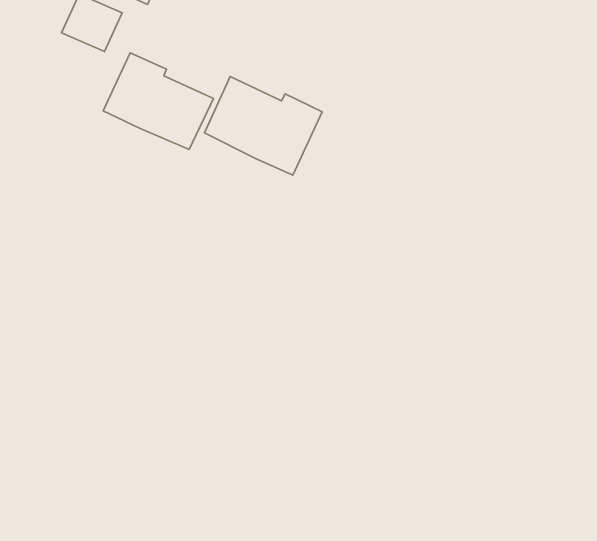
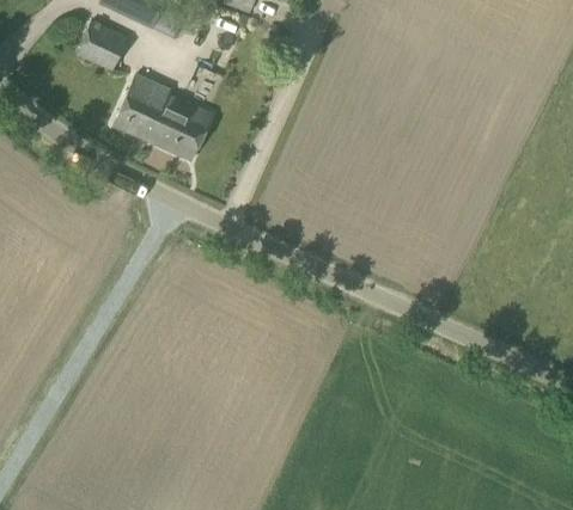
building: [204,77,322,175] -> none

